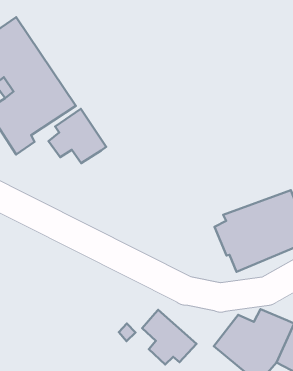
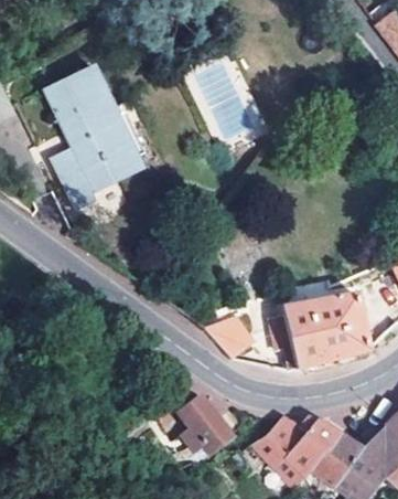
building: [48,109,106,163] -> none
building: none -> [204,317,254,355]

